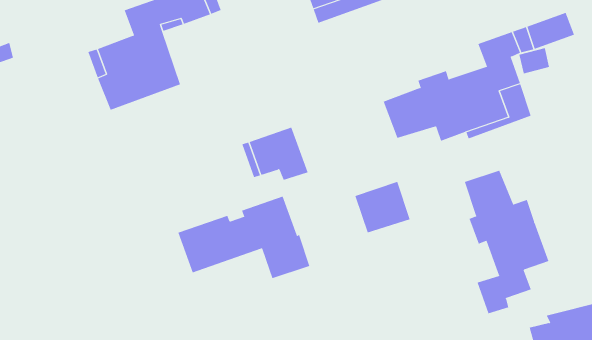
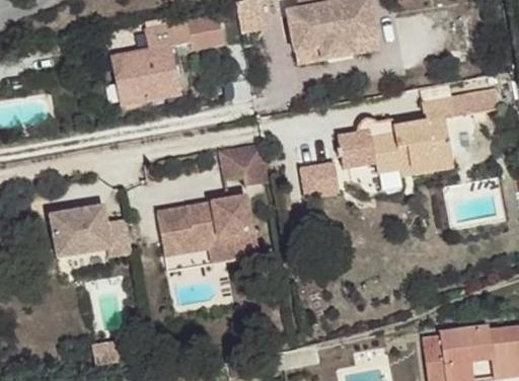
building: [464,170,549,314] -> none
building: [355,181,411,233] -> [302,158,344,196]
building: none -> [50,206,133,257]
building: none -> [162,236,225,263]

